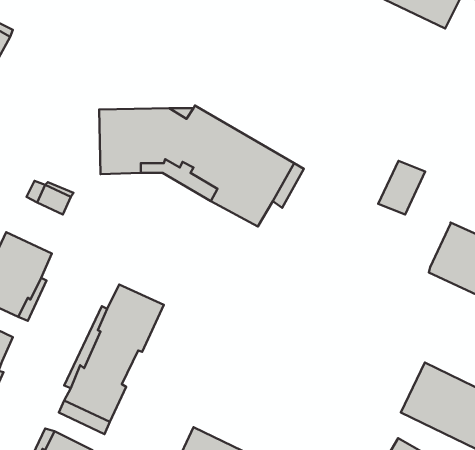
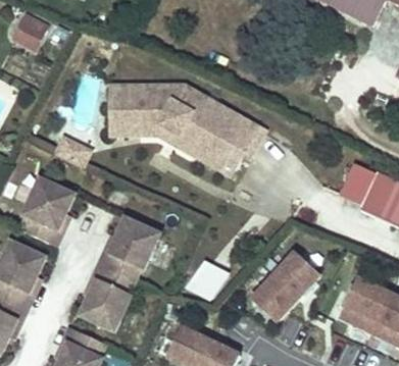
building: [378,161,425,215] -> [340,164,376,205]
building: none -> [250,252,318,322]
building: none -> [185,258,229,302]

